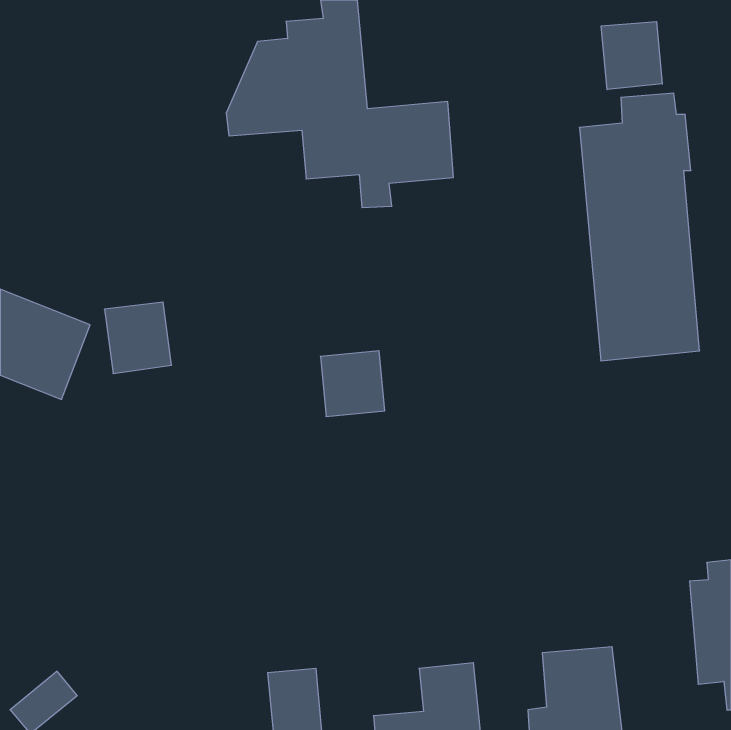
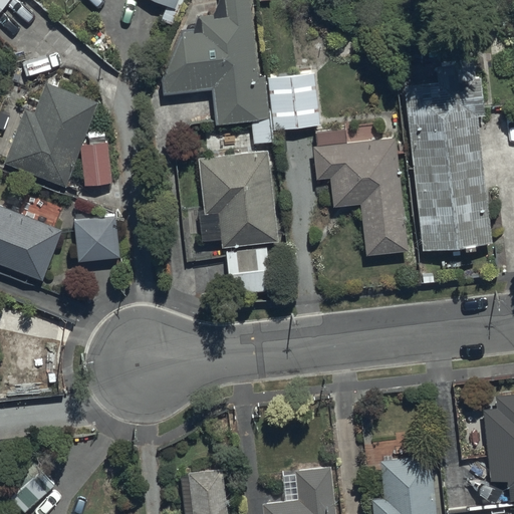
building: [601,22,662,90] -> none
building: none -> [5,81,110,186]
building: none -> [312,128,408,255]
building: none -> [199,155,277,249]

